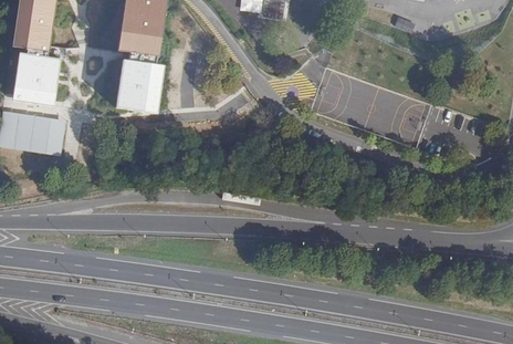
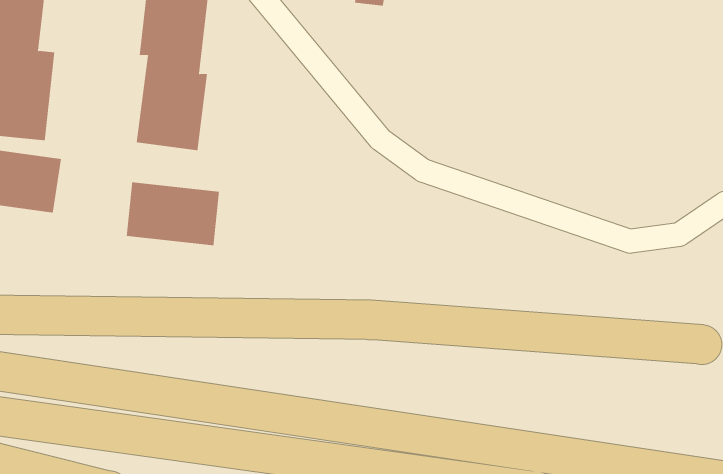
building: none -> [126,182,219,246]

